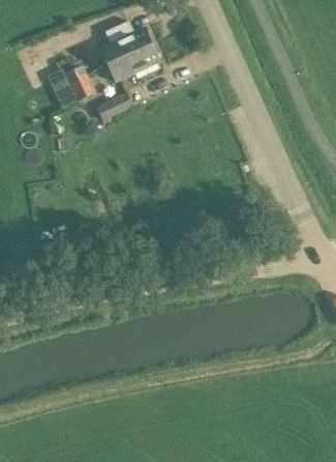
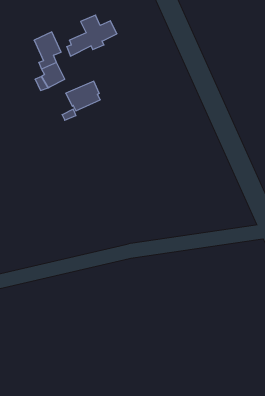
building: [98,40,159,82] -> none

